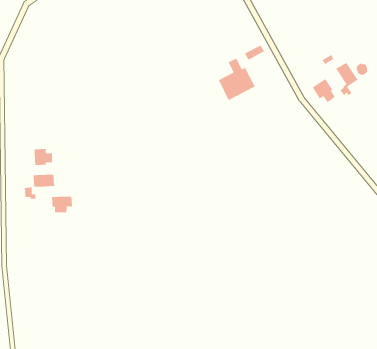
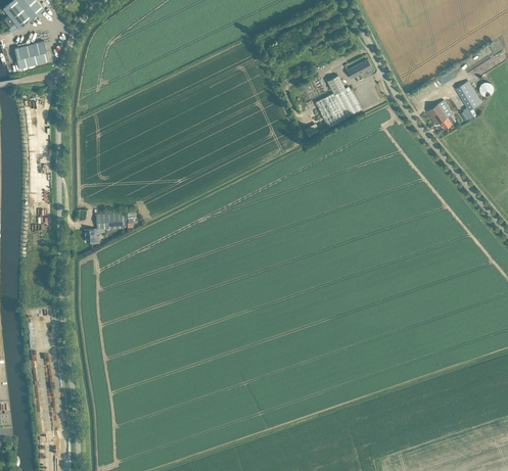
building: [34,148,53,166] -> none
building: [51,196,73,213] -> none

